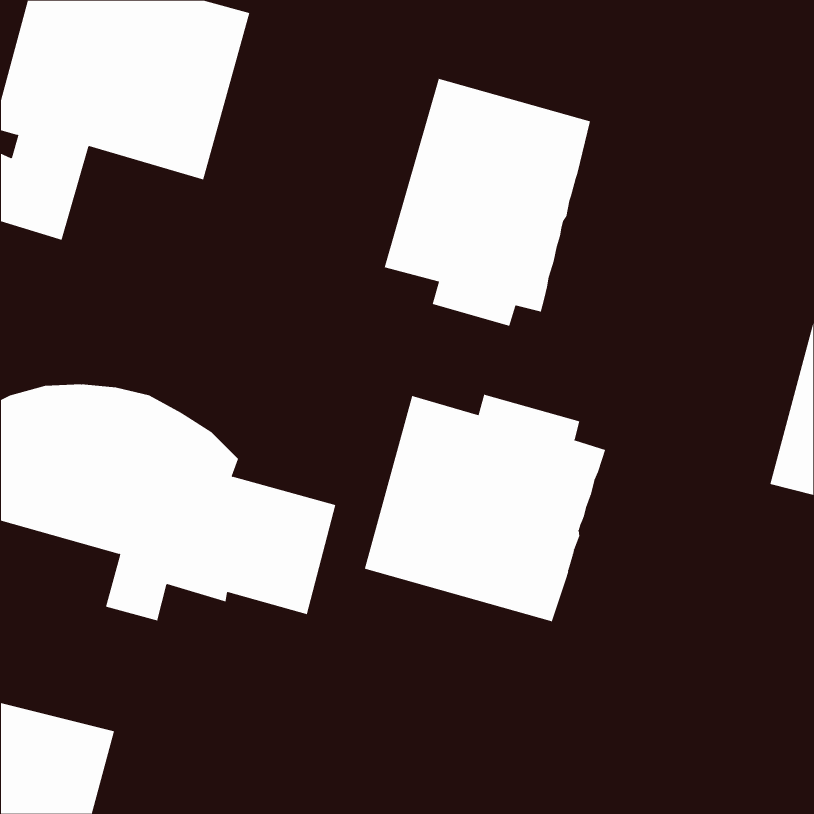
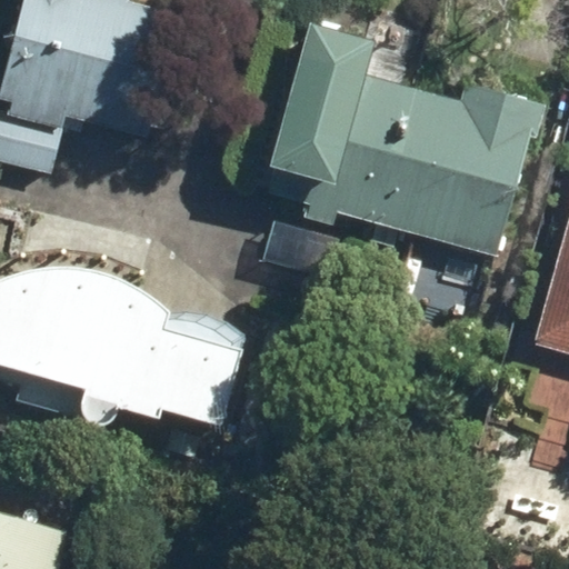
building: none -> [378,82,532,248]
building: [364,394,606,622] -> none

